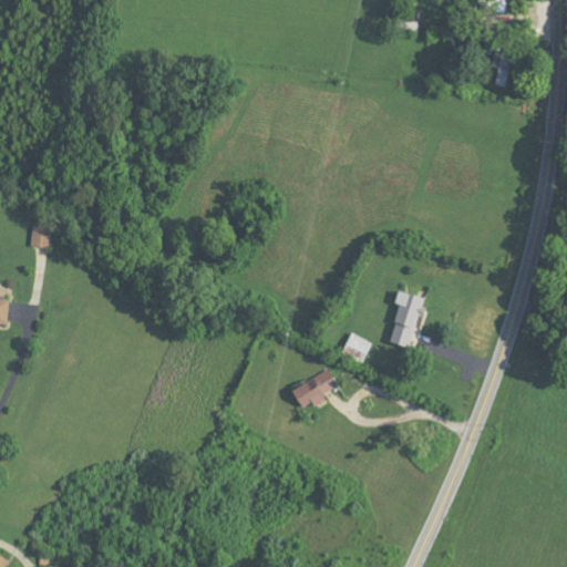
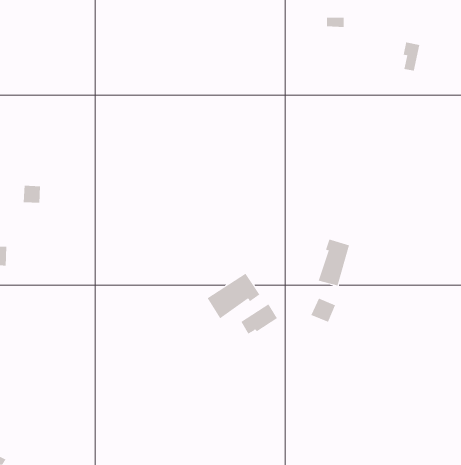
building: none -> [207,273,260,319]
building: [340,333,371,363] -> [310,298,336,322]

